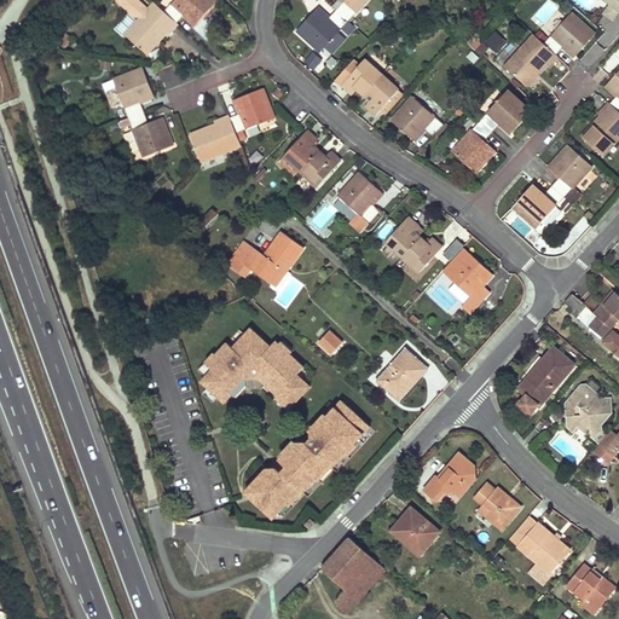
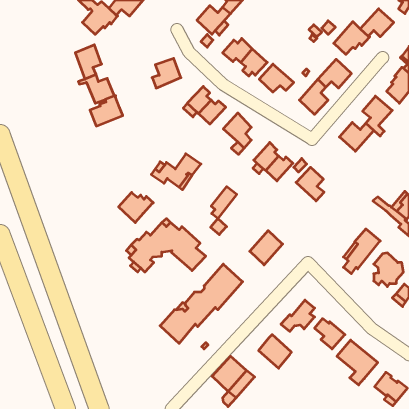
building: [191,115,241,161] -> [90,96,123,126]
building: none -> [211,187,237,219]
building: none -> [119,192,153,223]

